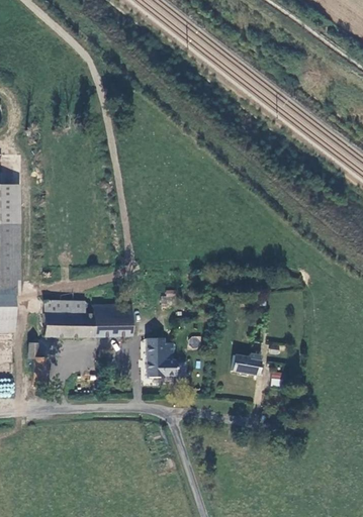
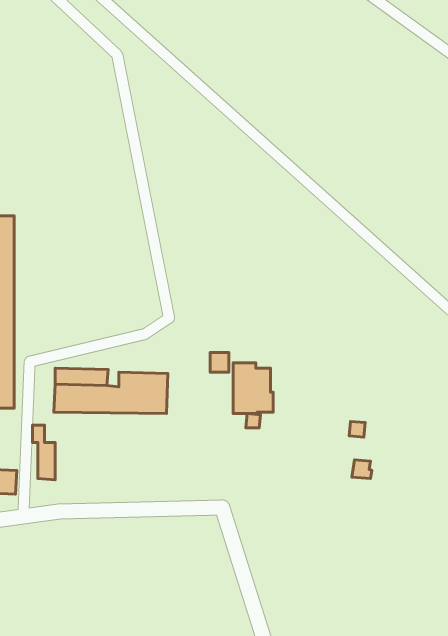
building: [147,338,177,377] -> [233,363,273,413]
building: [233,353,261,375] -> none

